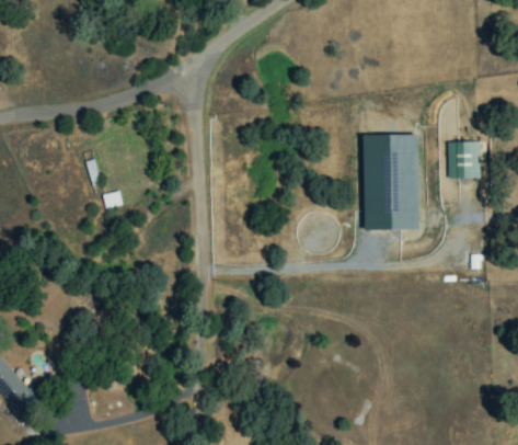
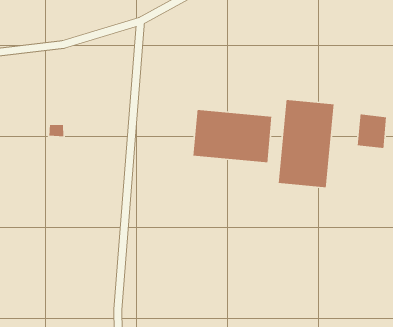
building: none -> [192,109,272,163]

